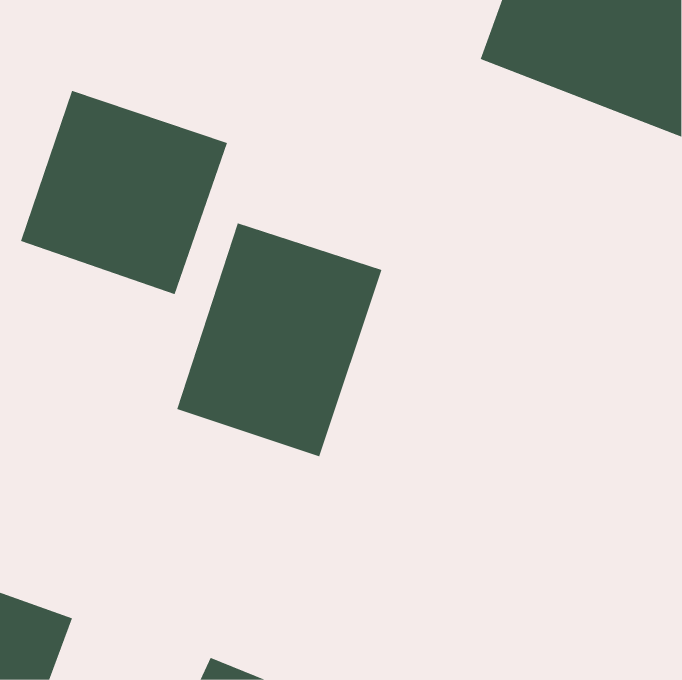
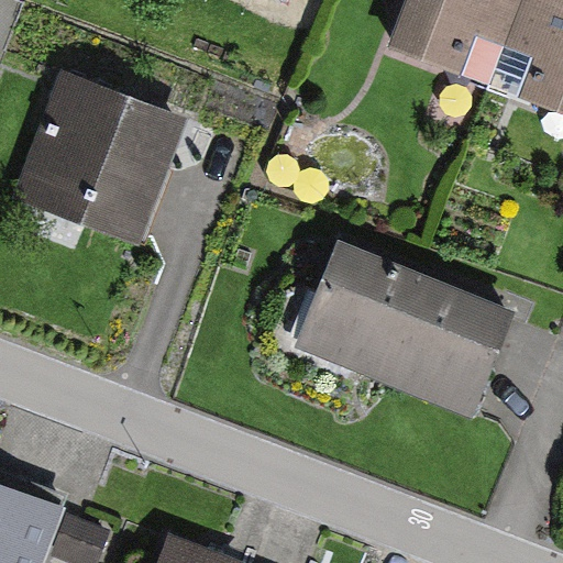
building: [177,222,382,457] -> none
building: none -> [299,249,510,408]

